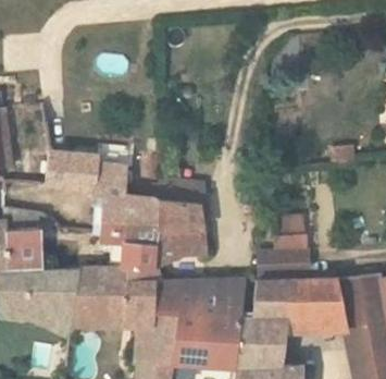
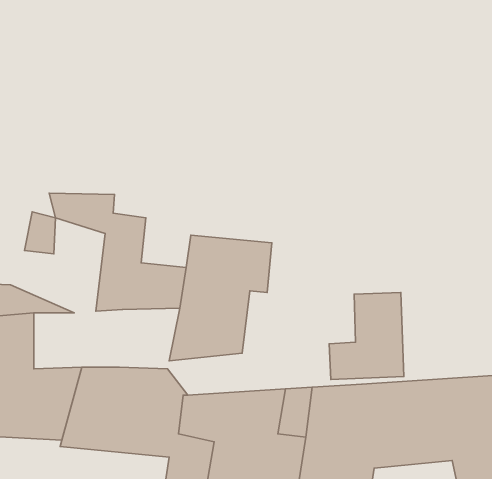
building: [112,224,154,267] -> none

